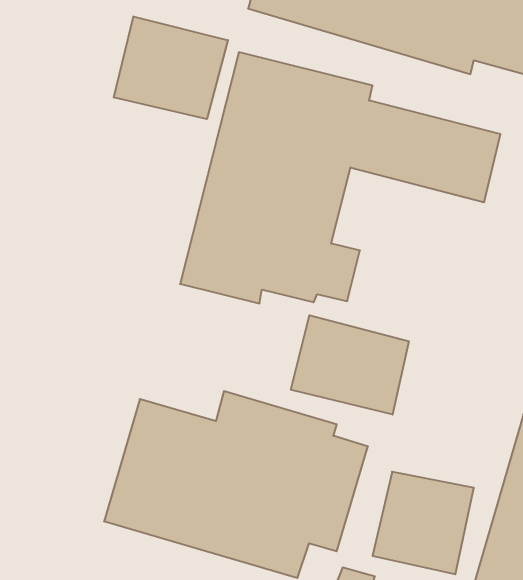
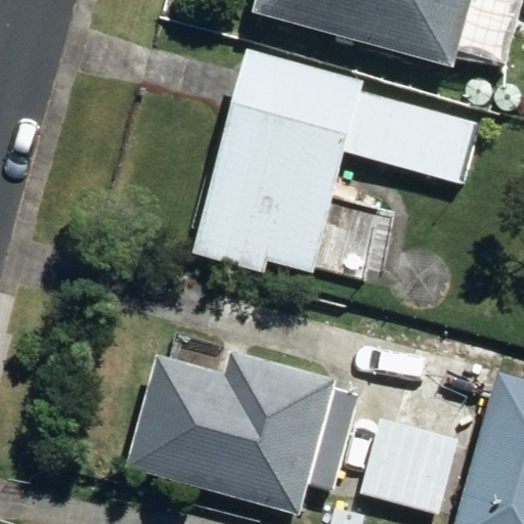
building: [114,16,228,119] -> none
building: [291,315,409,415] -> none

